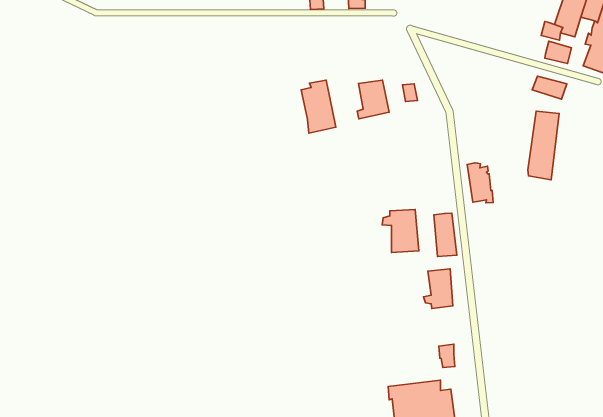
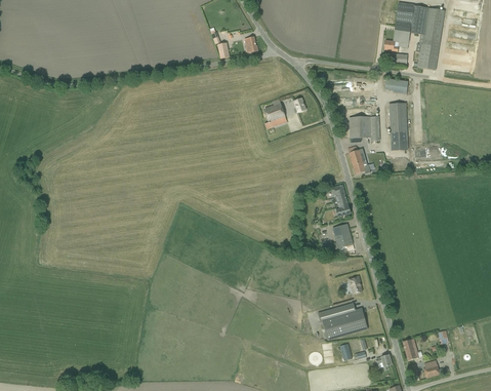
building: [301,80,336,133] -> none
building: none -> [349,115,379,142]
building: [382,210,419,252] -> none

